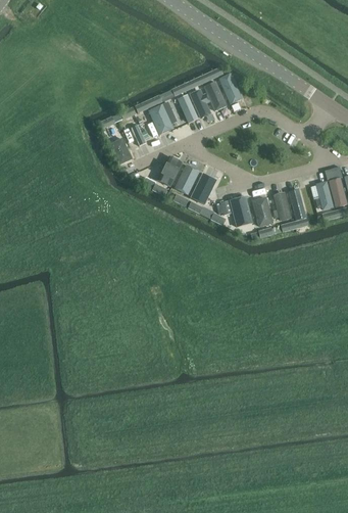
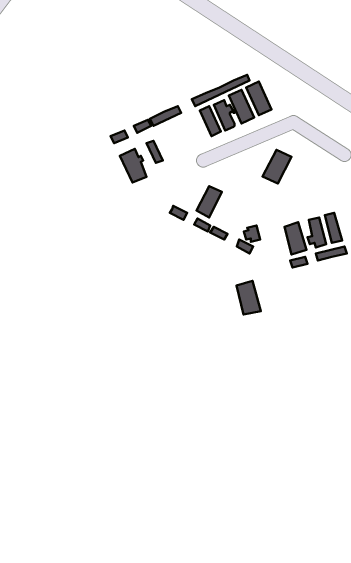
building: [148,104,173,134] -> none
building: [156,156,181,186] -> none
building: [190,174,215,203] -> [263,150,292,184]
building: [230,196,251,226] -> [236,281,261,314]

